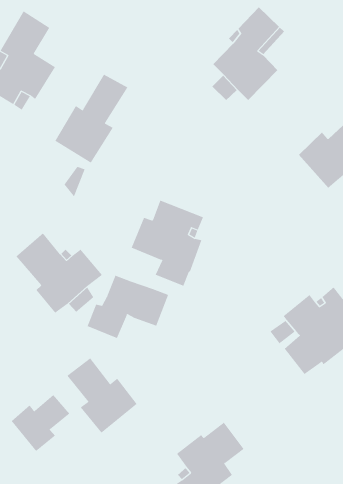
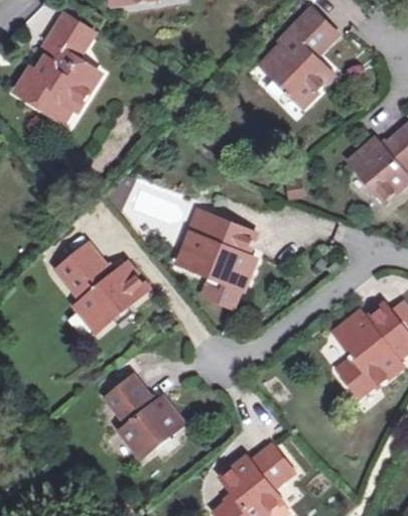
building: [54,74,128,164] -> none
building: [87,275,169,339] -> none
building: [11,394,70,452] -> none

